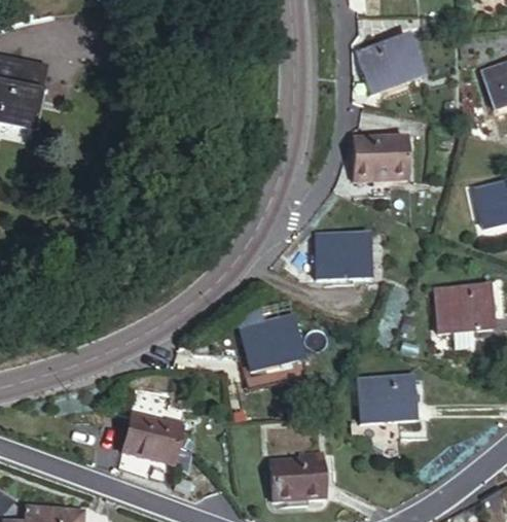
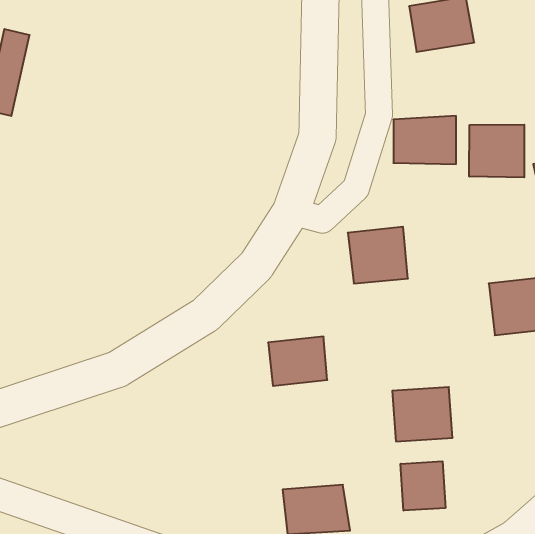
building: none -> [469,125,524,177]
building: [126,408,191,467] -> none
building: none -> [401,461,445,511]

